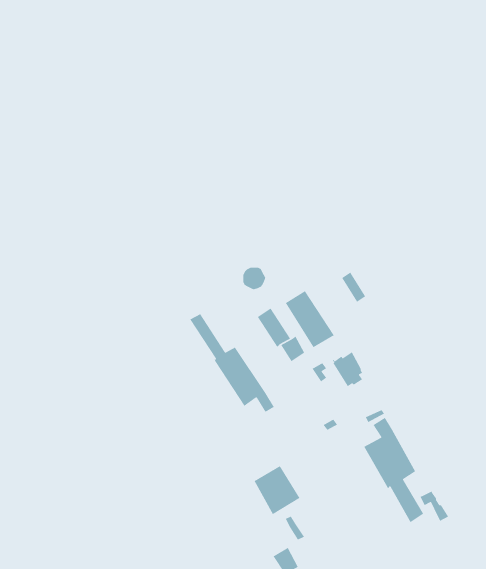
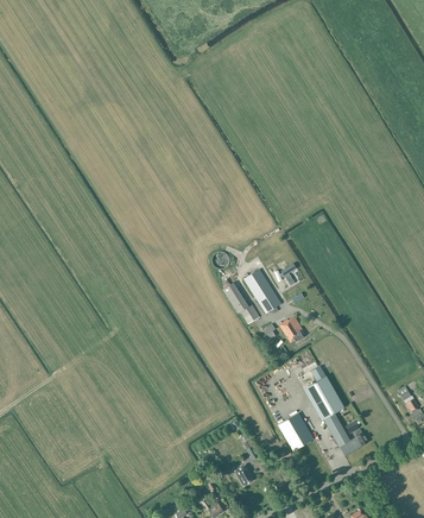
building: [189,313,275,413] -> none
building: [254,465,301,515] -> [278,413,314,451]

